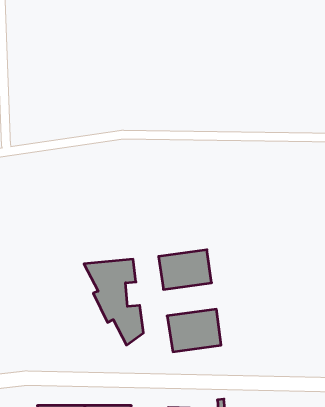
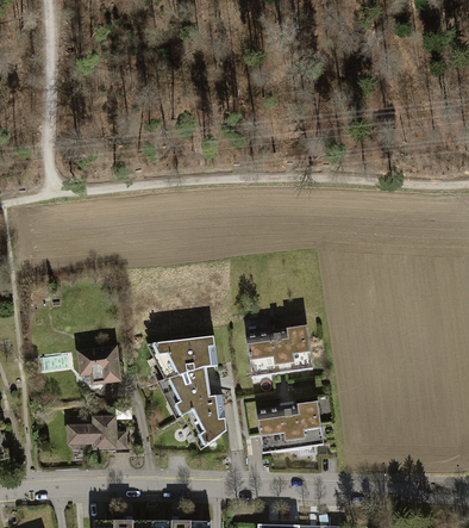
building: none -> [79,347,117,380]
building: none -> [68,418,123,446]

